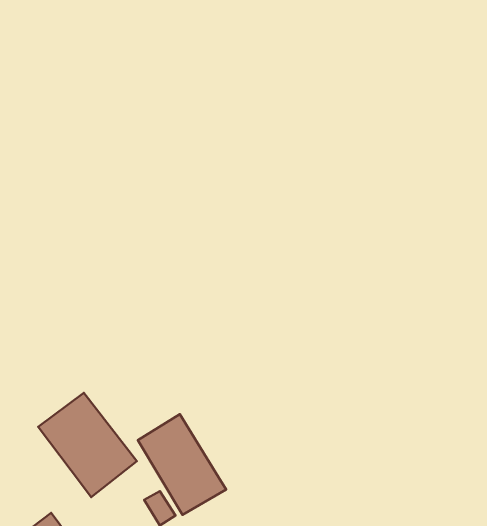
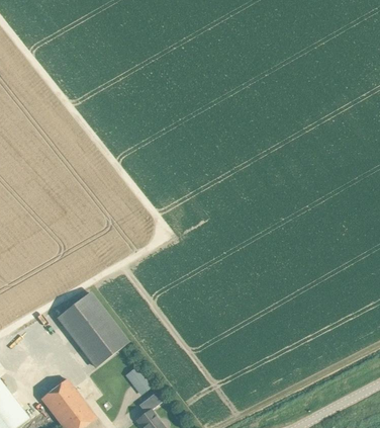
building: [138,414,226,515] -> none

